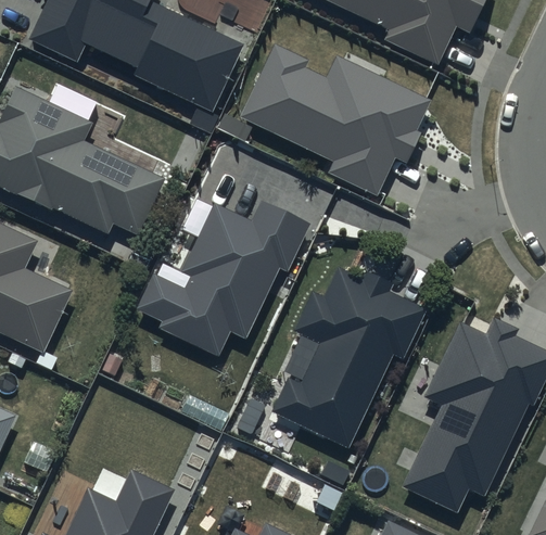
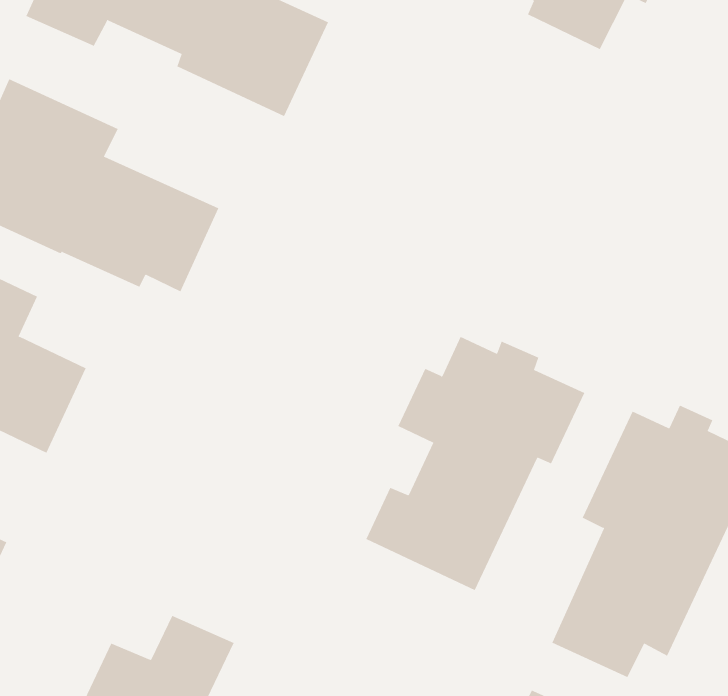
building: [240,42,431,194] -> none
building: [137,202,310,356] -> none

